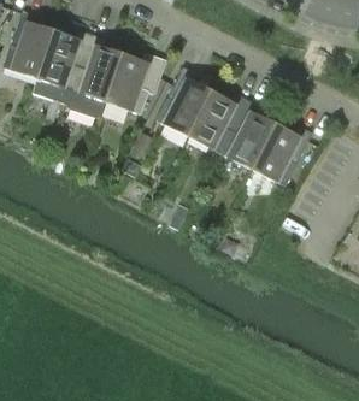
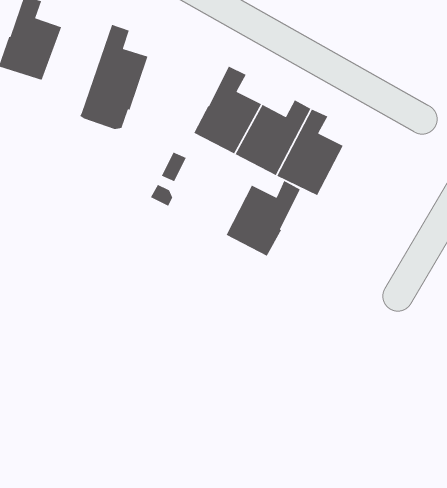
building: [33,28,92,102] -> none
building: [106,52,167,113] -> none
building: [253,124,312,184] -> [226,180,301,257]

